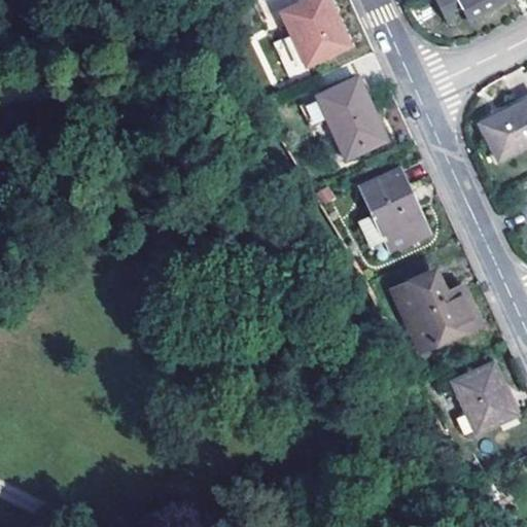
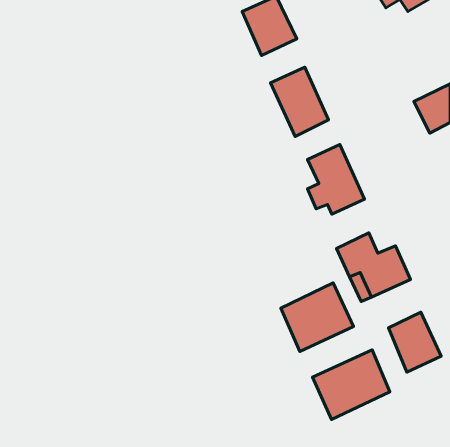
building: none -> [281,283,354,352]
building: none -> [312,350,390,419]

